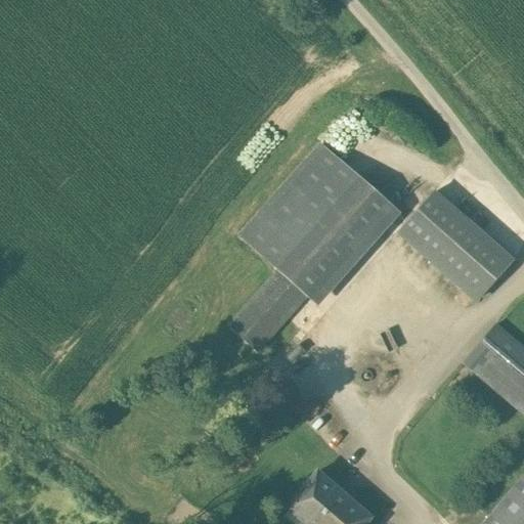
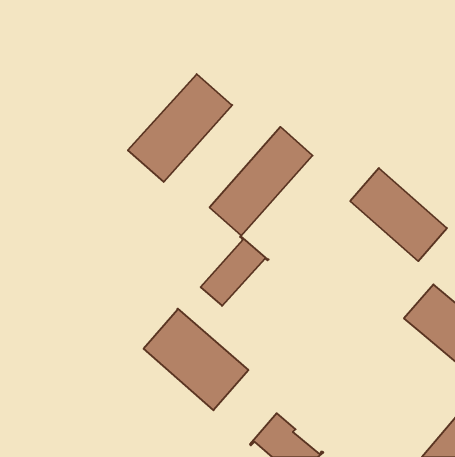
building: none -> [128,74,232,182]
building: [278,178,391,297] -> none
building: none -> [144,309,248,410]

